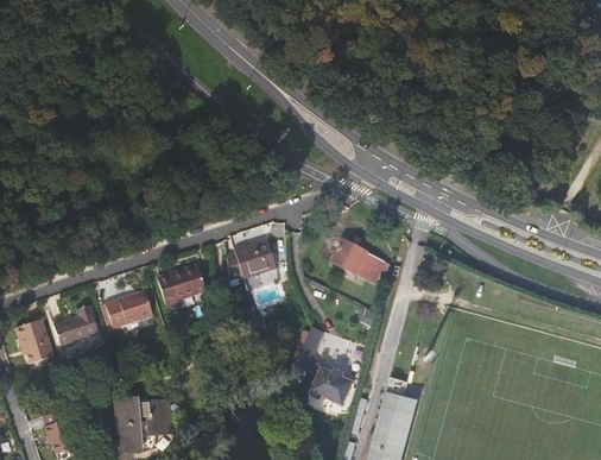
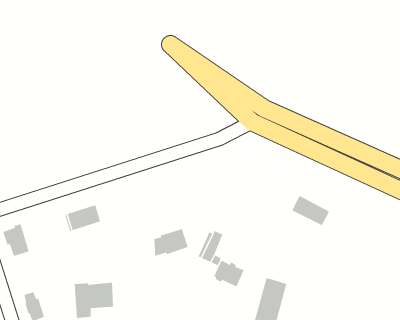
building: [227,240,276,279] -> [154,229,188,257]
building: [331,240,385,283] -> [291,195,330,226]
building: [158,265,205,310] -> none
building: [53,305,99,345] -> none

